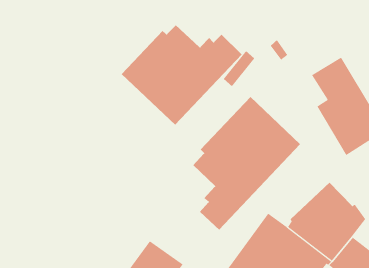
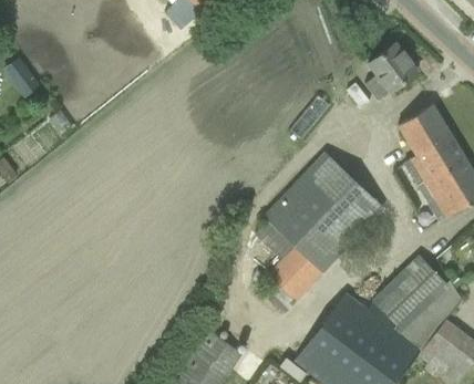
building: none -> [364,43,418,101]
building: [121,24,243,126] -> none

